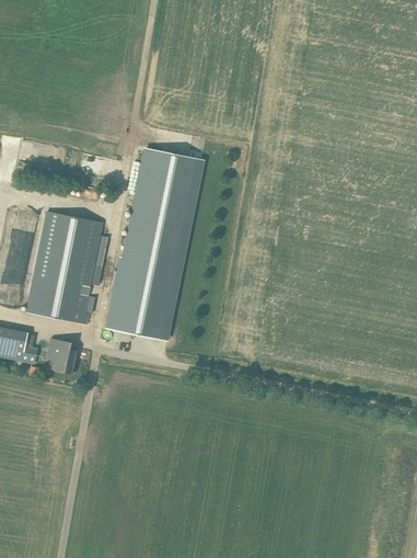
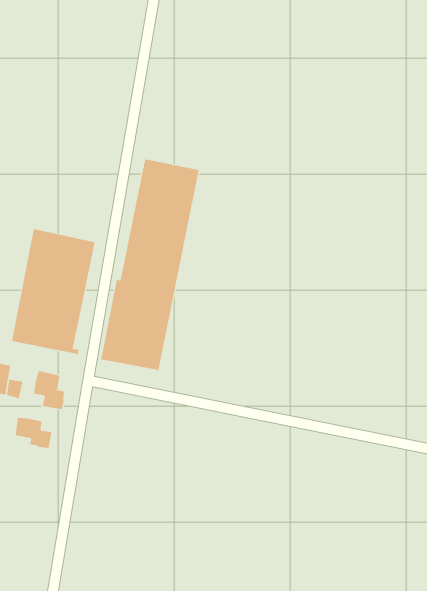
building: none -> [15,417,52,449]

